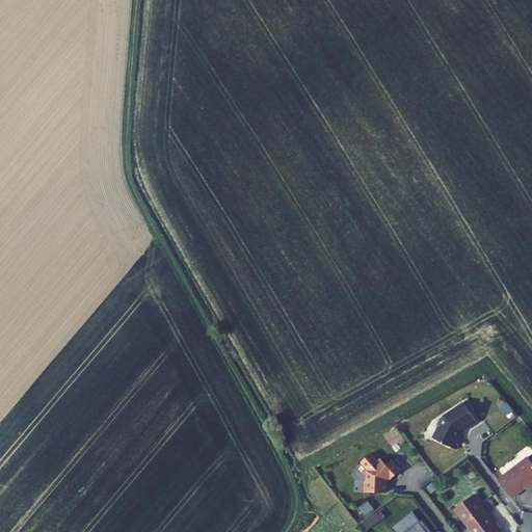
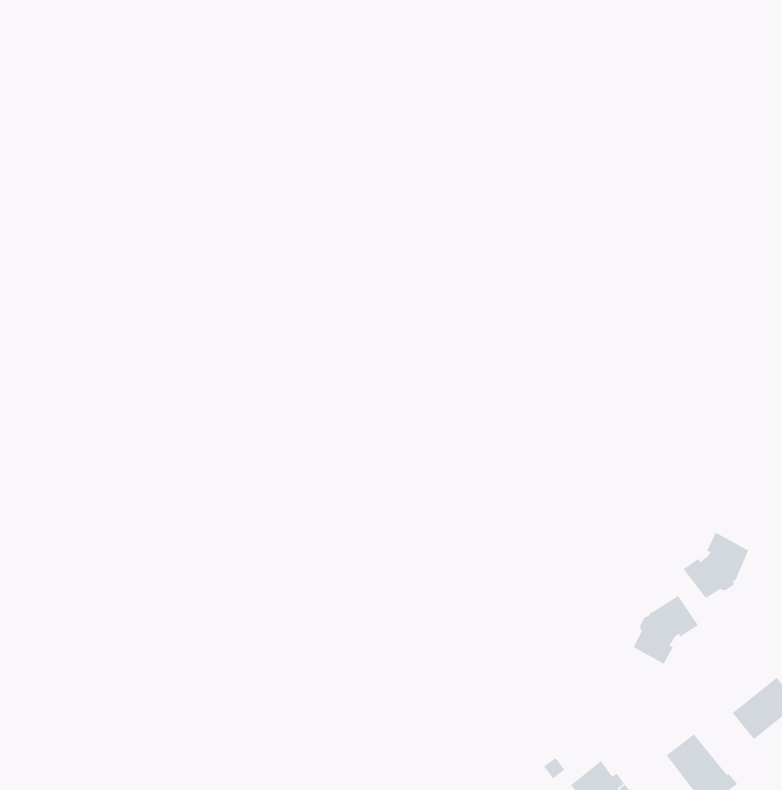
building: none -> [683,532,749,599]
building: [361,455,400,494] -> none

